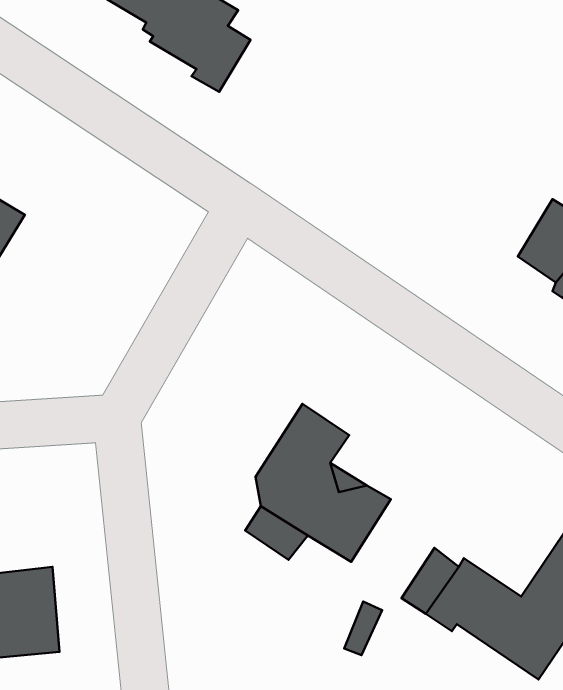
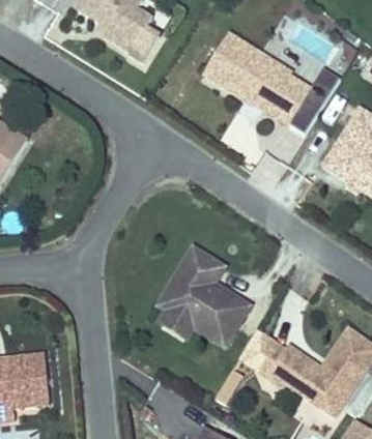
building: none -> [202,32,313,125]

